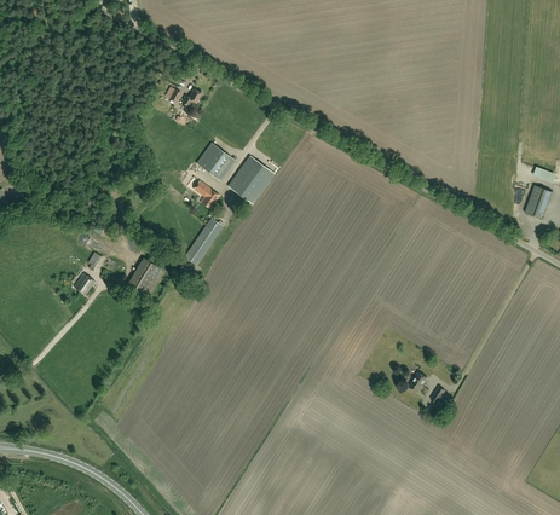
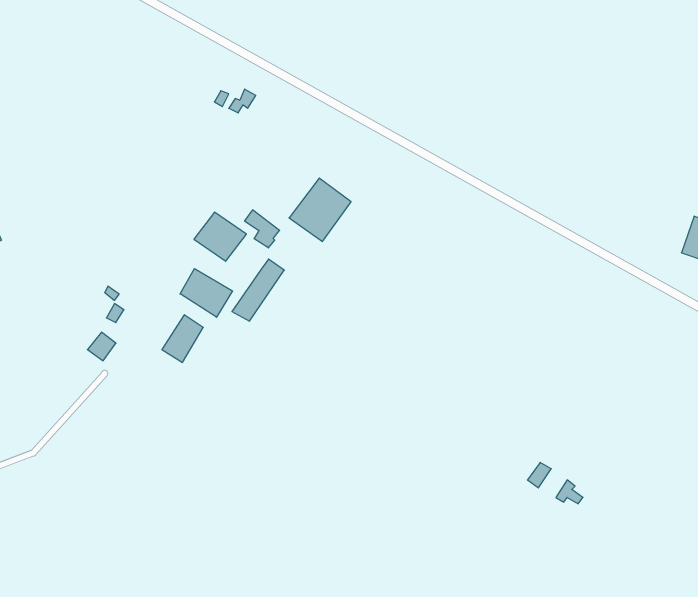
building: [194,141,233,179] -> [194,212,246,261]
building: none -> [180,269,233,317]

